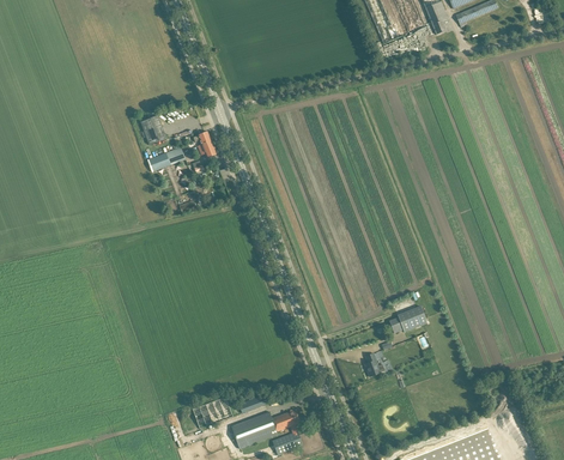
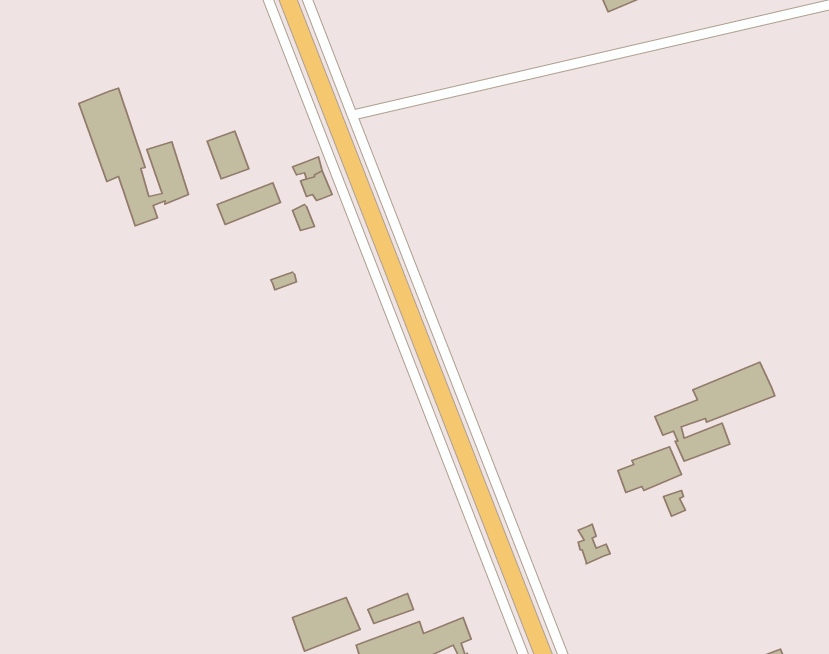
building: none -> [79,88,189,226]
building: none -> [655,362,775,461]

